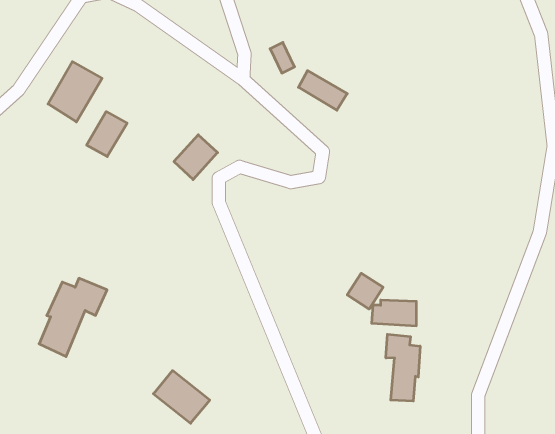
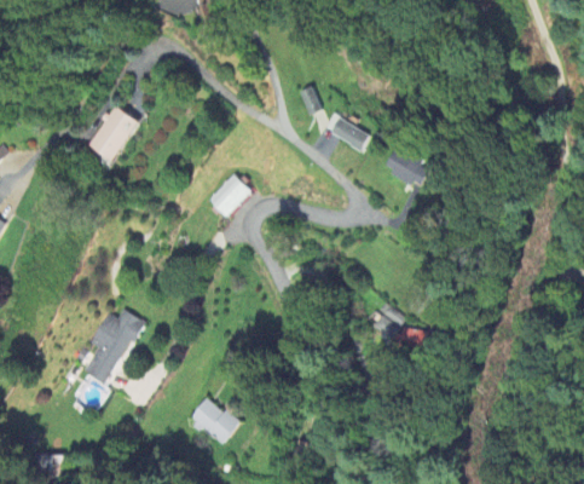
building: none -> [384,151,432,188]
building: [87,112,127,157] -> none
building: [386,334,420,401] -> none

